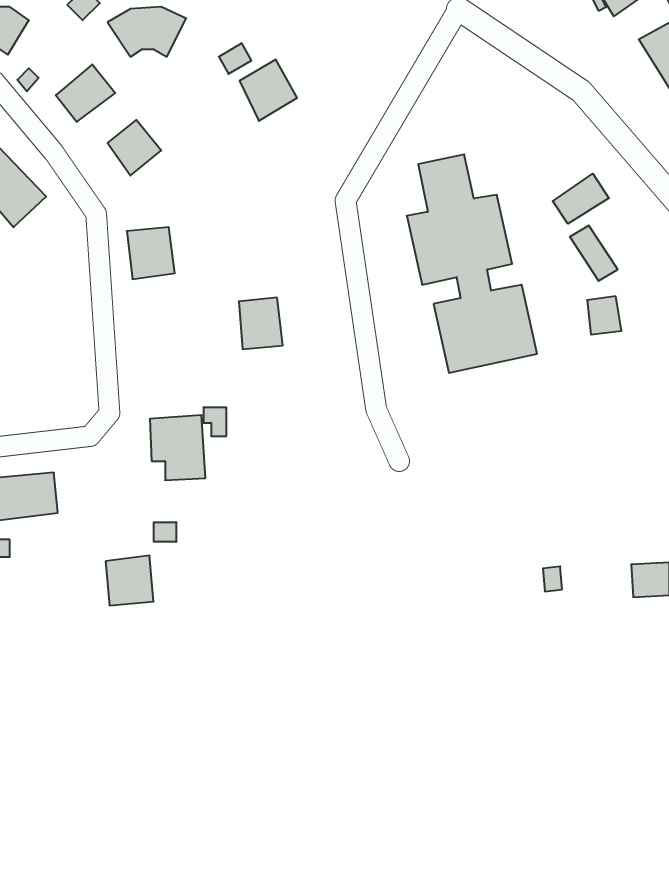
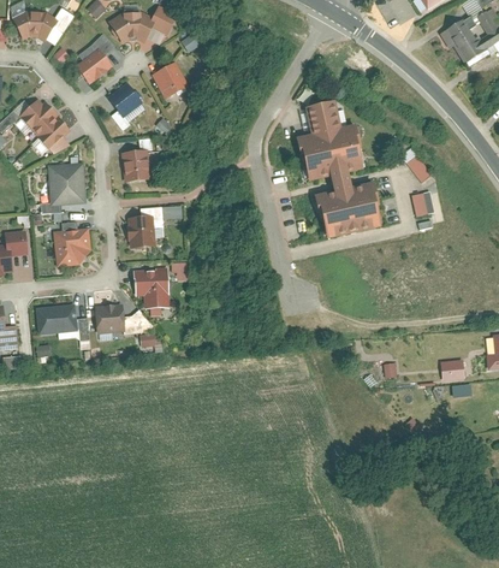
building: [240,60,297,121] -> [154,60,190,99]
building: [553,174,609,224] -> none
building: none -> [49,161,87,205]
building: [239,298,283,349] -> [129,214,156,247]
building: none -> [54,227,91,265]
building: [106,556,153,605] -> [96,302,126,333]

